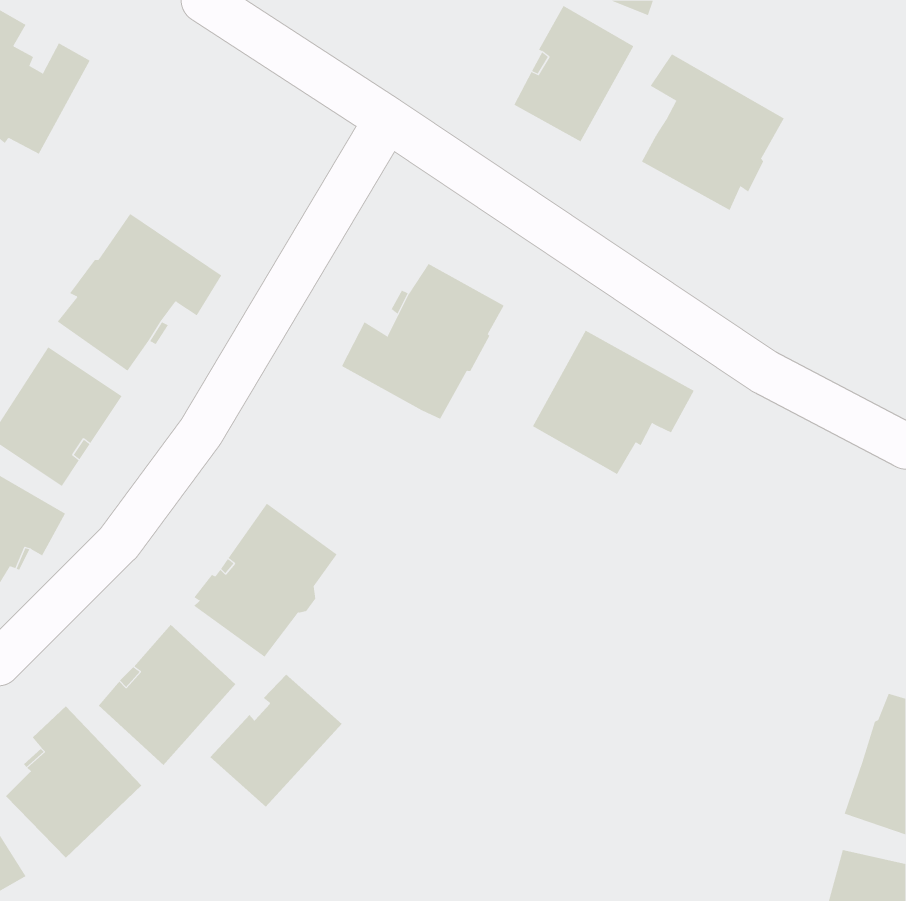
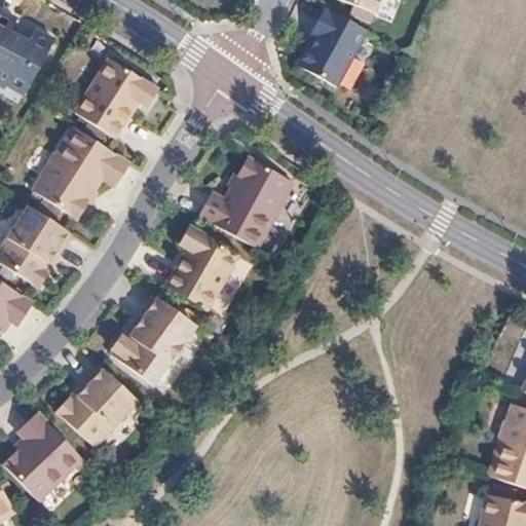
building: [641,53,785,211] -> none
building: none -> [75,59,158,139]
building: [532,330,695,475] -> none
building: none -> [168,225,241,310]
building: [209,674,342,807] -> none

